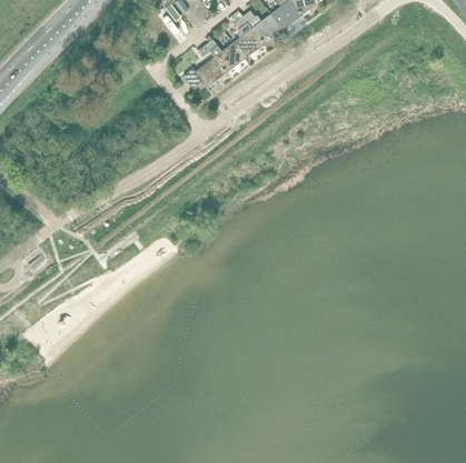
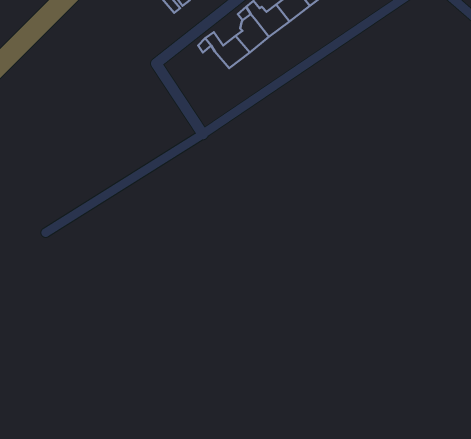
building: [182,56,227,88] -> none

